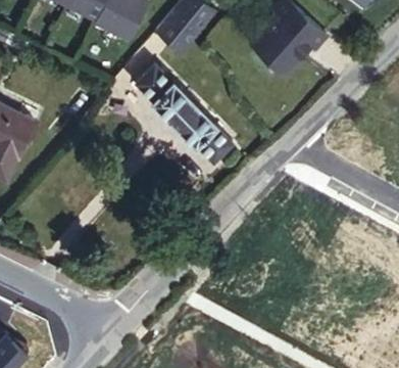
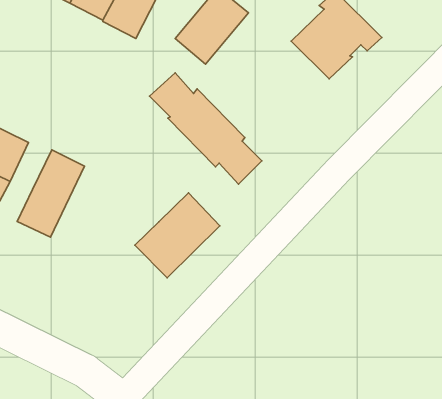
building: none -> [17,150,84,237]
building: none -> [135,193,220,278]

